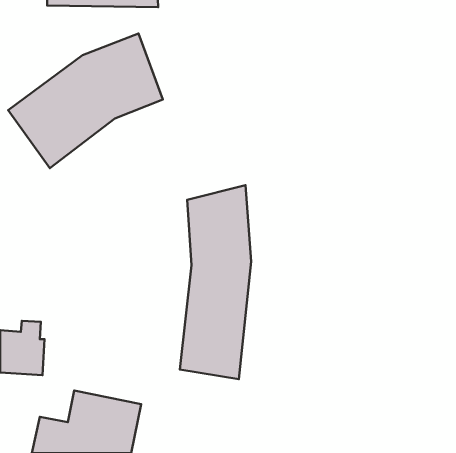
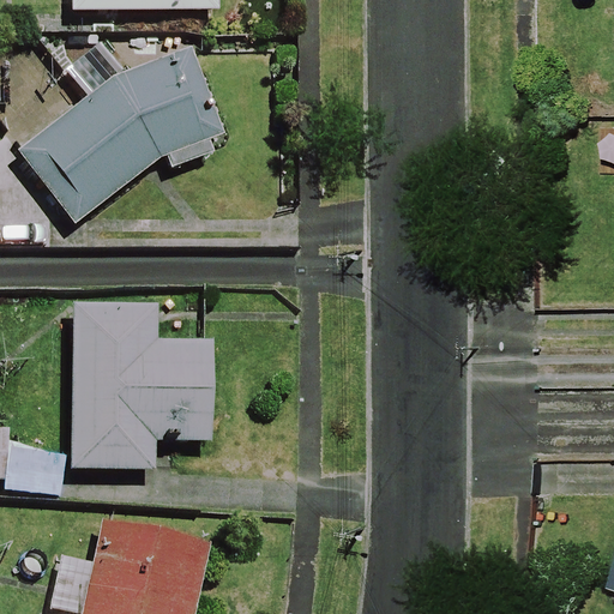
building: [180,185,251,379] -> none
building: none -> [71,301,210,468]

